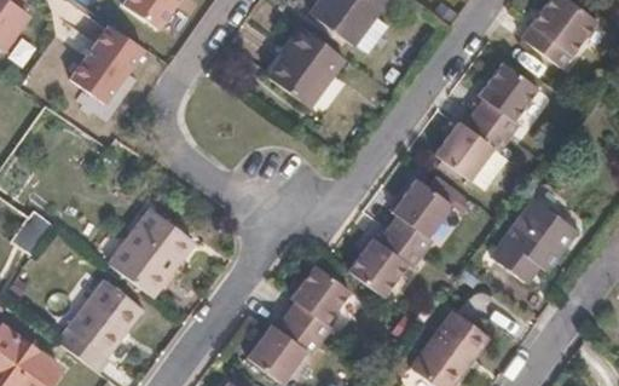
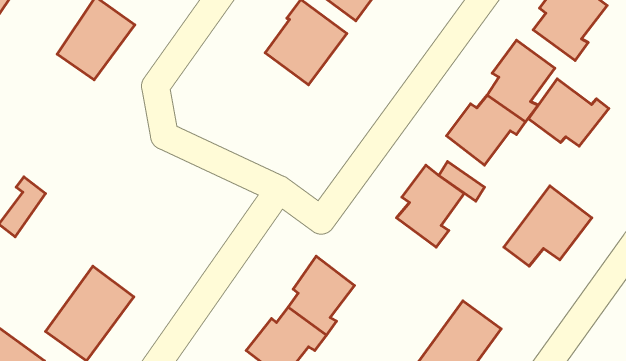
building: none -> [528,79,609,146]
building: [109,207,191,293] -> none
building: [351,231,428,300] -> none

